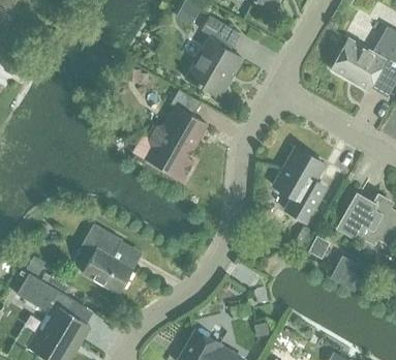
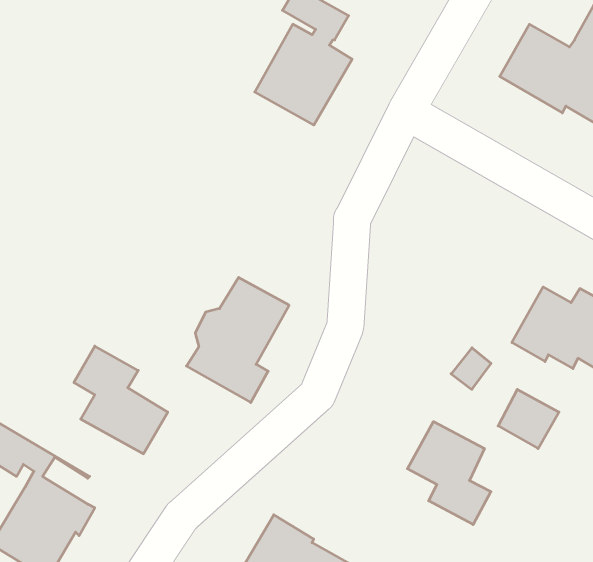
building: [146,107,207,181] -> [186,277,289,403]
building: [274,148,325,222] -> none
building: none -> [407,422,491,525]

